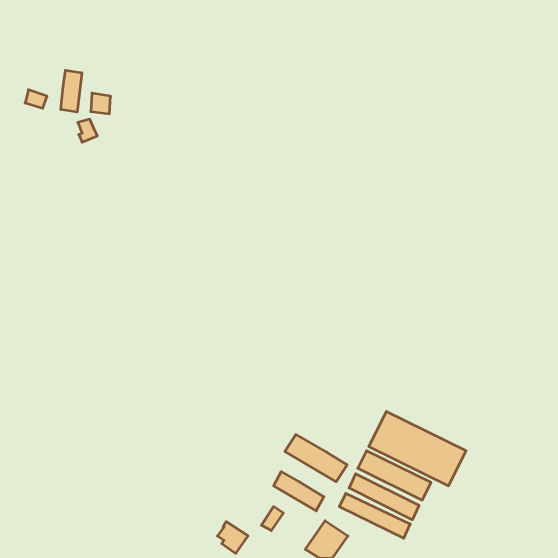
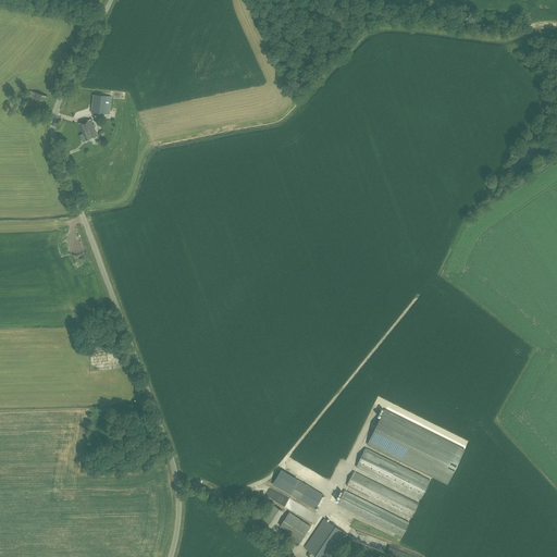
building: [61,70,82,112] -> none
building: [285,435,347,482] -> none
building: [217,522,248,553] -> [280,511,310,543]

